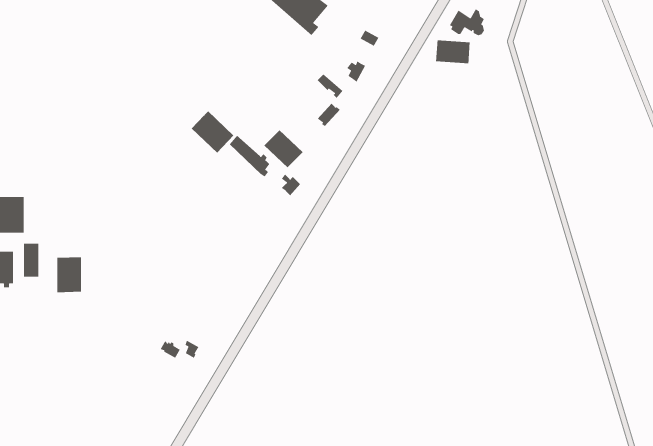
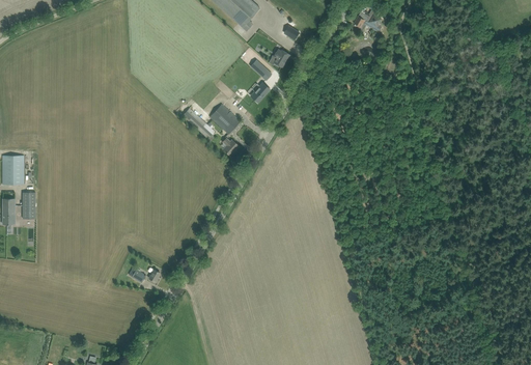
building: [435,40,471,64] -> none
building: [191,110,234,154] -> none
building: [57,257,82,293] -> none

